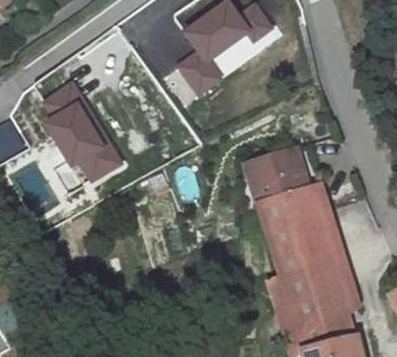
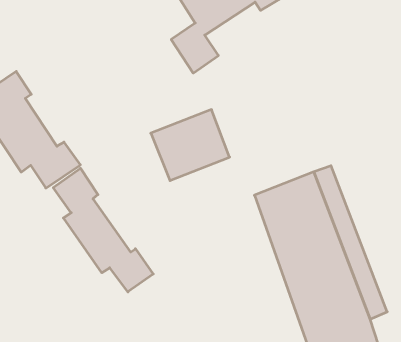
building: [245,146,309,203] -> [151,110,230,181]
building: none -> [53,168,153,292]

